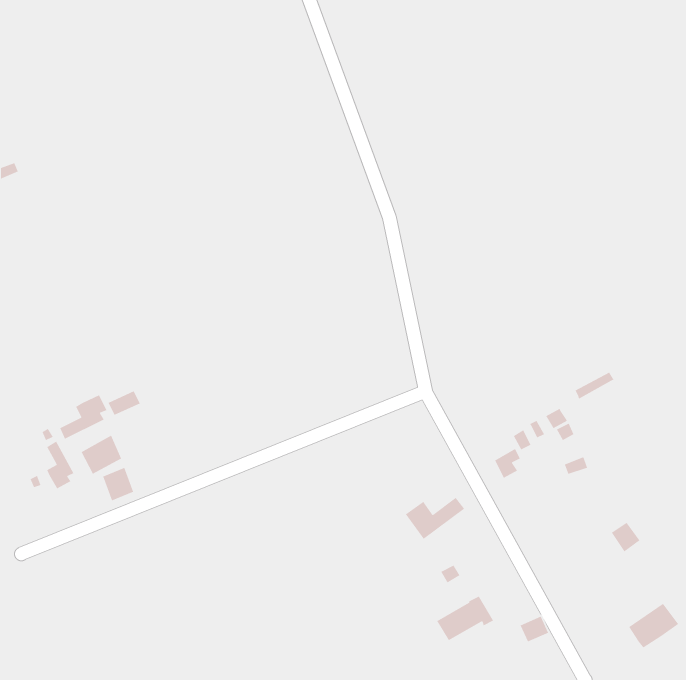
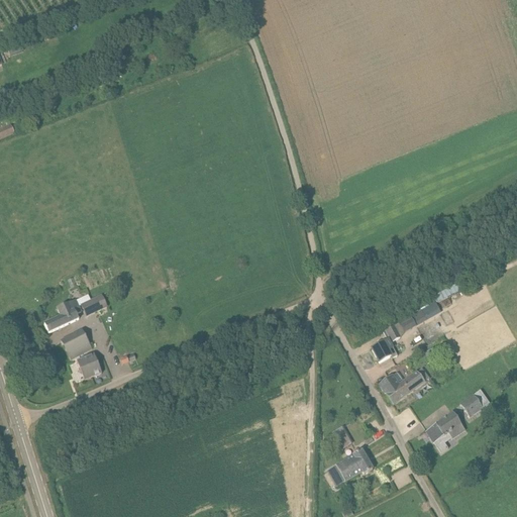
building: [46,440,75,490] -> none
building: [405,497,465,540] -> [378,370,423,402]
building: [628,603,679,648] -> [426,411,464,445]

